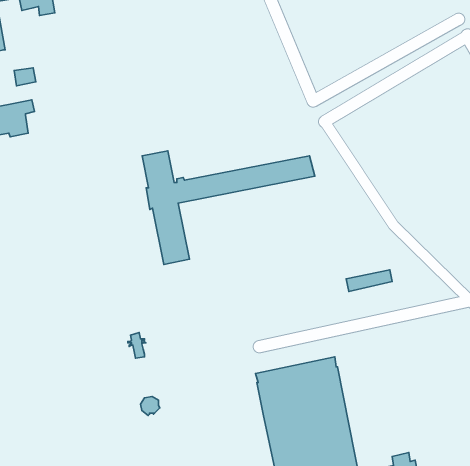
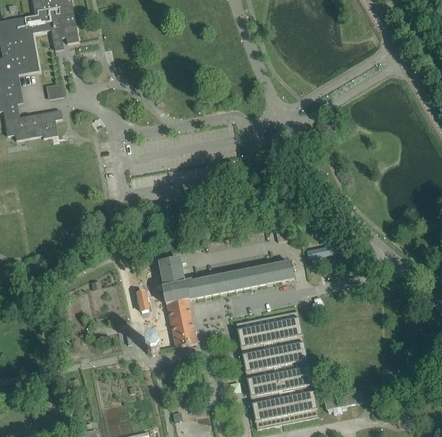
building: [142,151,315,264] -> [159,257,294,346]

